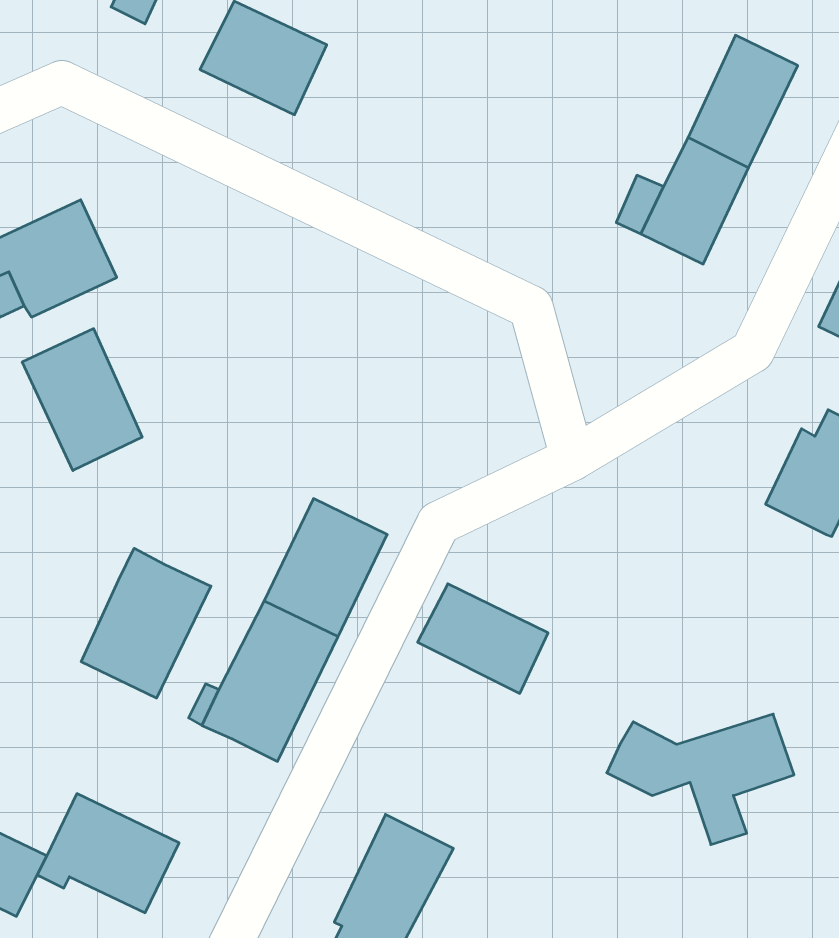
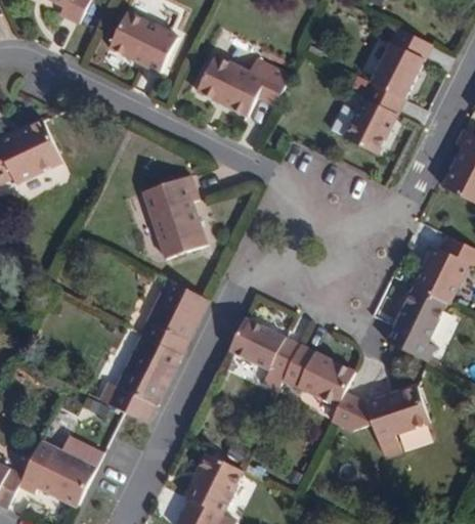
building: none -> [192,52,287,113]
building: none -> [143,174,207,258]
building: [22,329,142,471] -> none
building: none -> [394,282,447,358]
building: [81,548,211,698] -> none
building: none -> [282,352,353,412]

